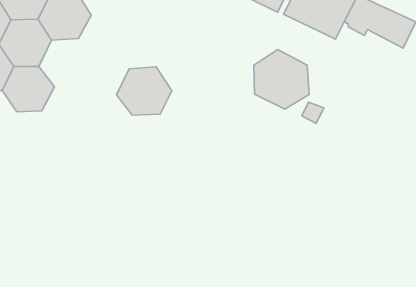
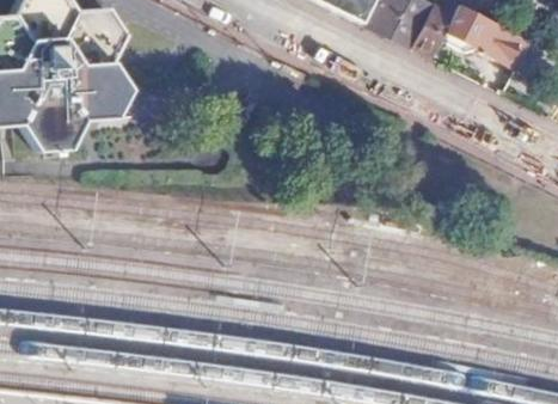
building: [254,50,309,109] -> none
building: [117,67,172,115] -> [66,59,134,118]

